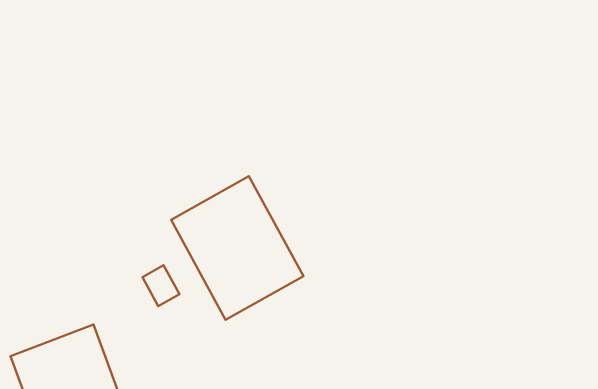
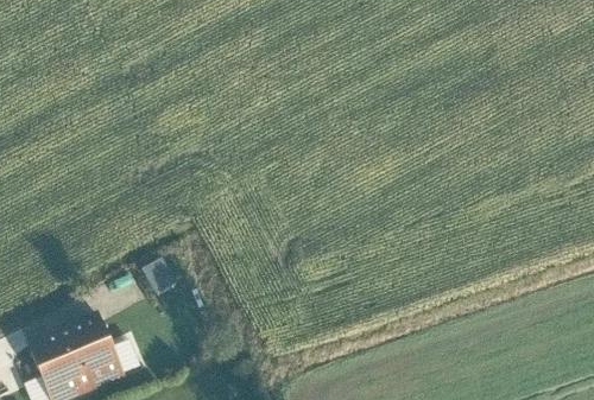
building: [171,176,303,320] -> none

